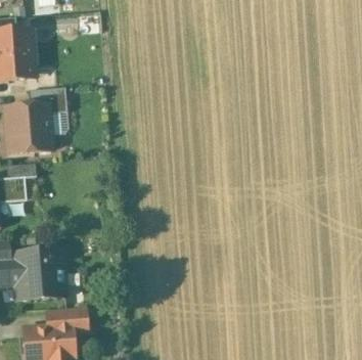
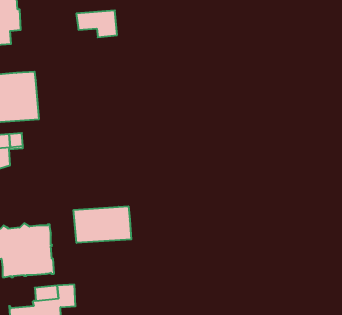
building: [28,87,66,112] -> [76,10,117,37]
building: none -> [74,206,131,243]

